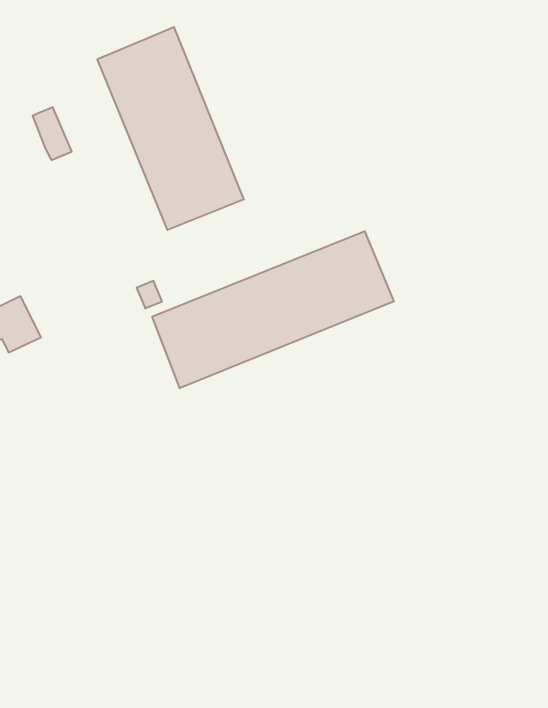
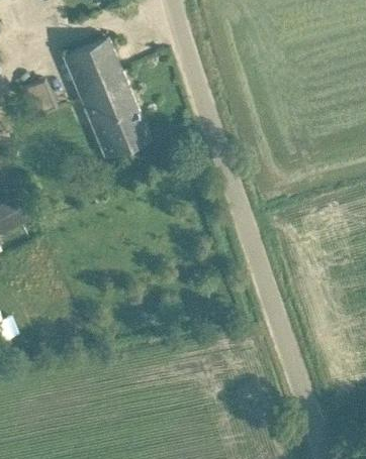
building: [152,231,394,388] -> none

